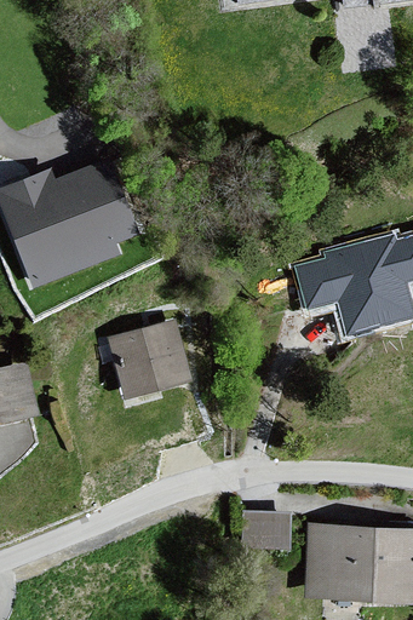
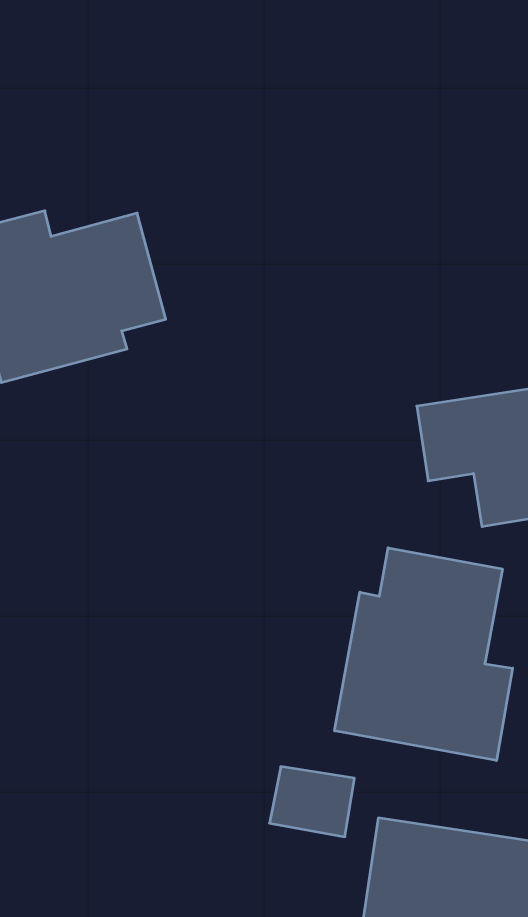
building: [105,323,184,401] -> none
building: none -> [335,548,513,761]

